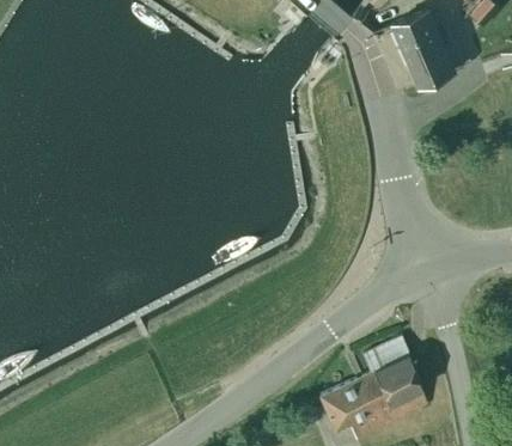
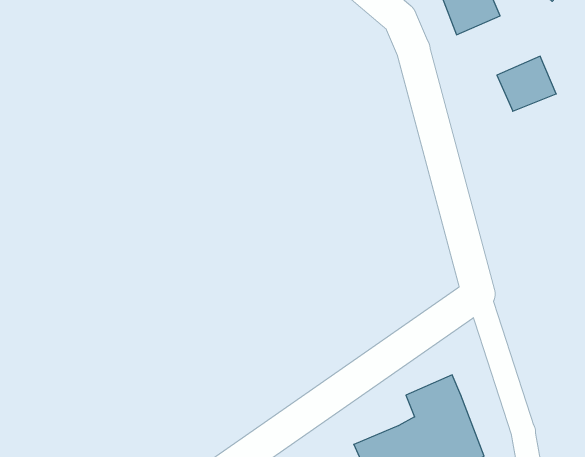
building: [404,42,453,87] -> [497,56,556,111]

